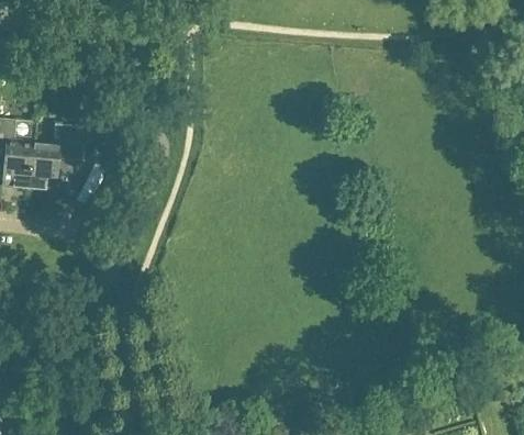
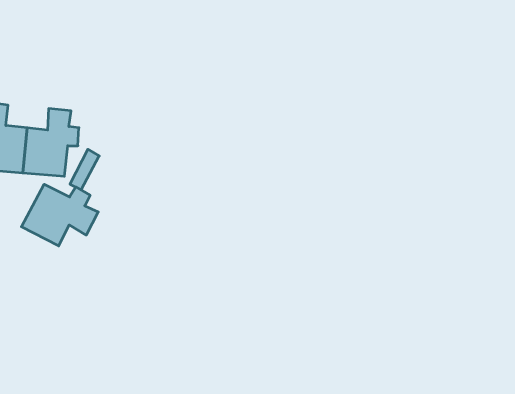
building: none -> [21,184,98,246]

